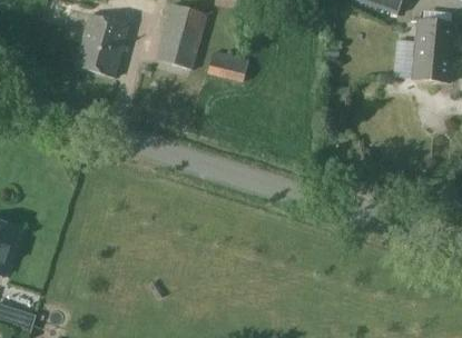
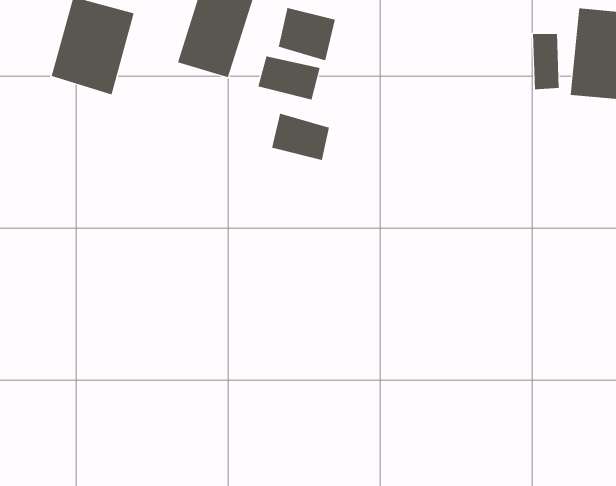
building: none -> [278,7,336,61]
building: none -> [272,113,330,161]

